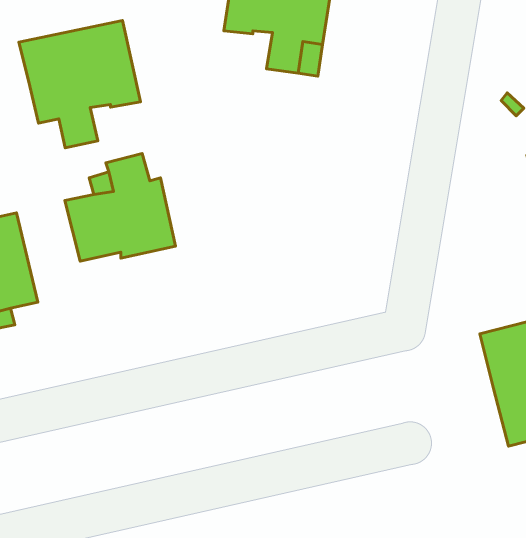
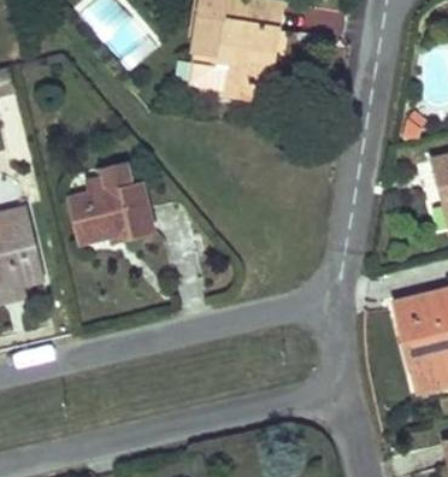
building: [19,21,140,148] -> none

